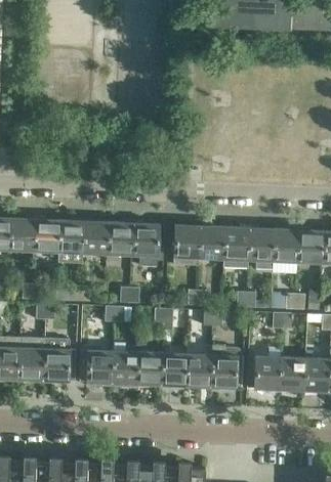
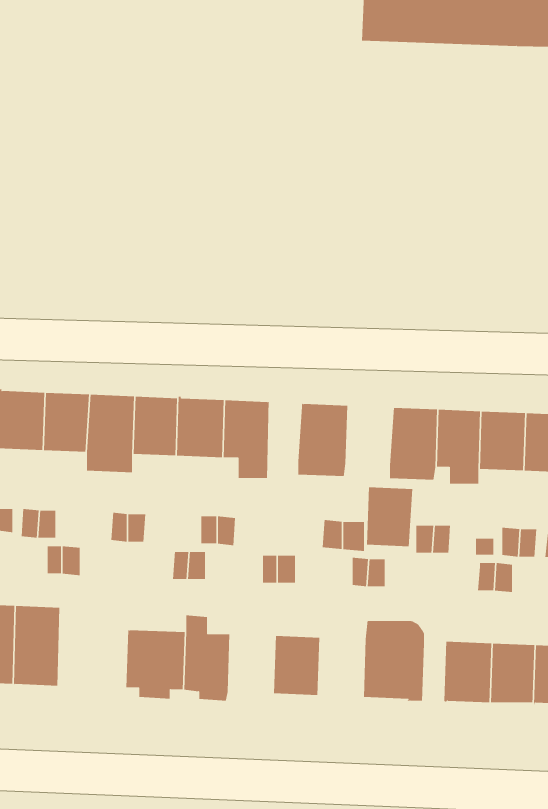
building: [200,227,225,260] -> [366,487,413,547]
building: [42,338,77,383] -> none
building: [135,352,161,385] -> none
building: [184,354,210,387] -> none

